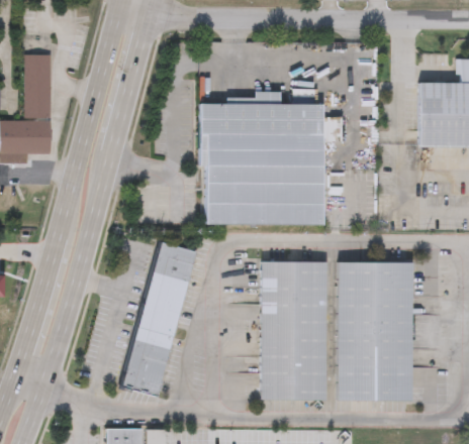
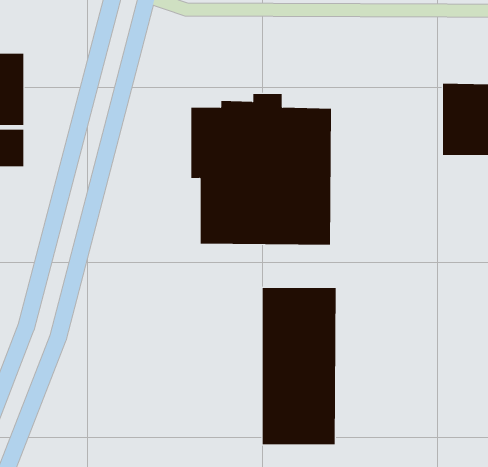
building: [121,241,197,397] -> none
building: [337,262,412,402] -> none

